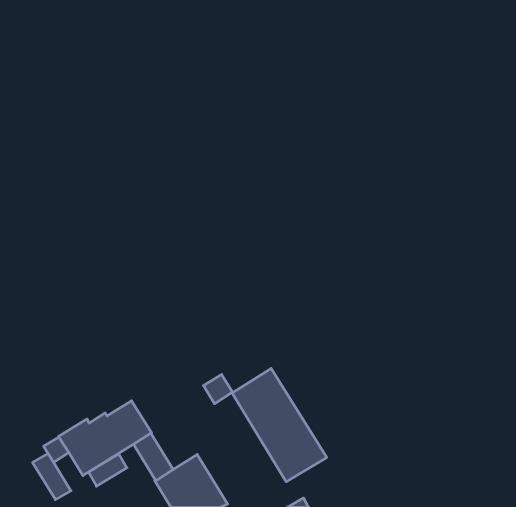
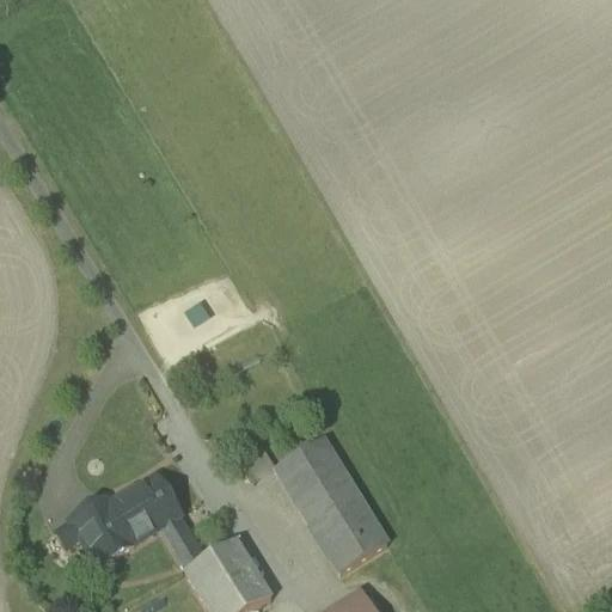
building: [33,454,71,500] -> none
building: [88,454,127,486] -> none

